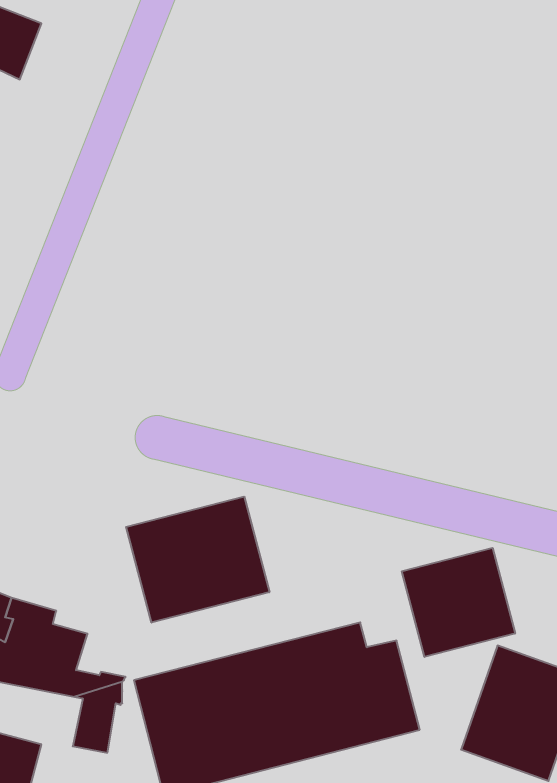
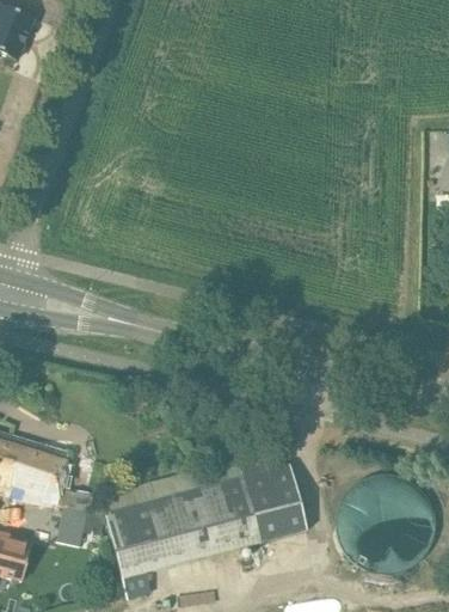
building: [126,497,269,623] -> none
building: [402,548,515,657] -> none

